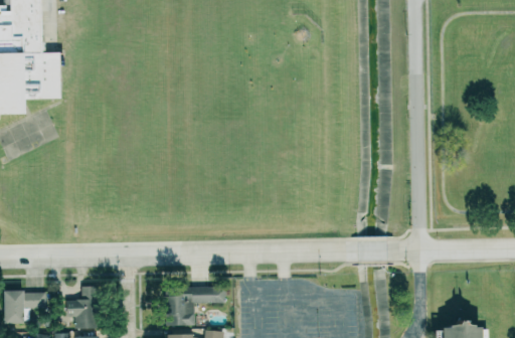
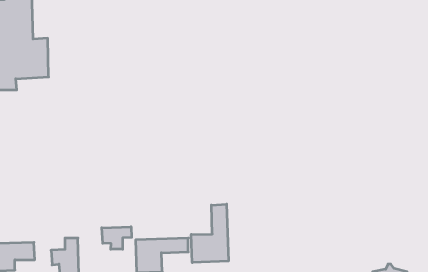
building: none -> [191,204,228,263]
building: none -> [102,227,132,249]

